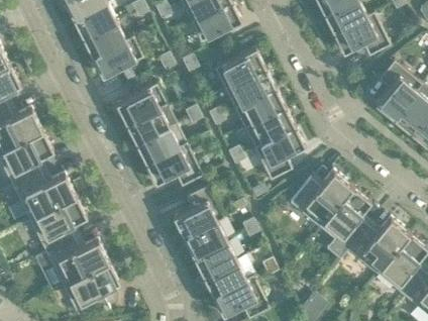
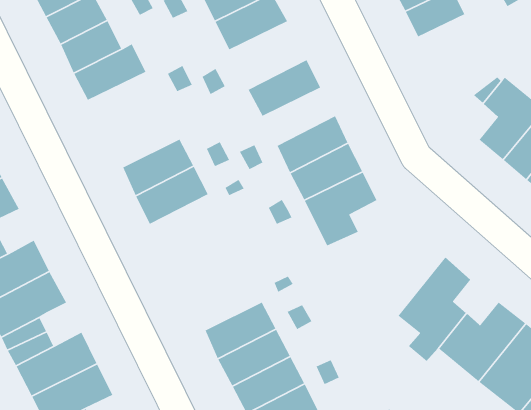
building: [333,12,390,56] -> none
building: [224,68,276,108] -> none
building: [116,83,167,123] -> none
building: [145,142,203,186] -> none
building: [290,171,352,227] -> none
building: [173,184,224,237] -> none

